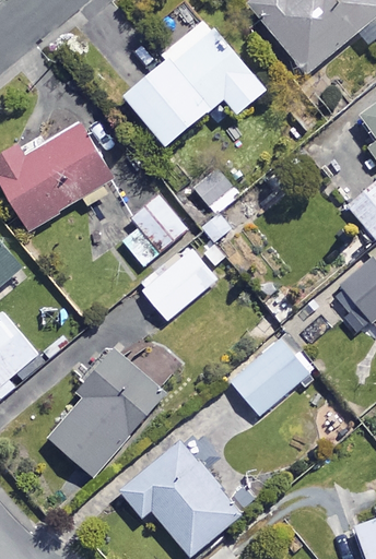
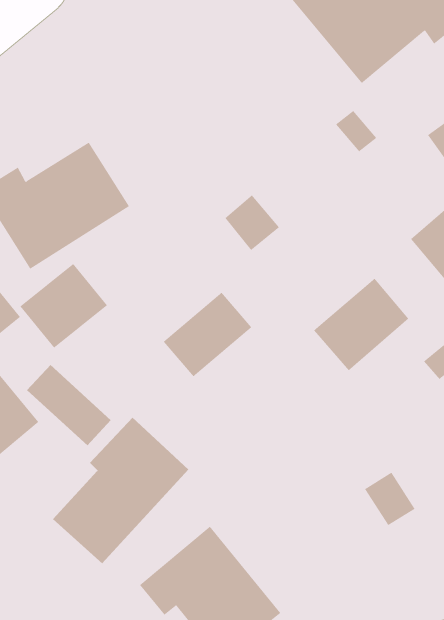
building: [127,19,267,147] -> none
building: [111,194,185,265] -> [20,263,108,349]
building: none -> [26,364,112,446]
building: [228,336,308,414] -> [313,278,409,371]

